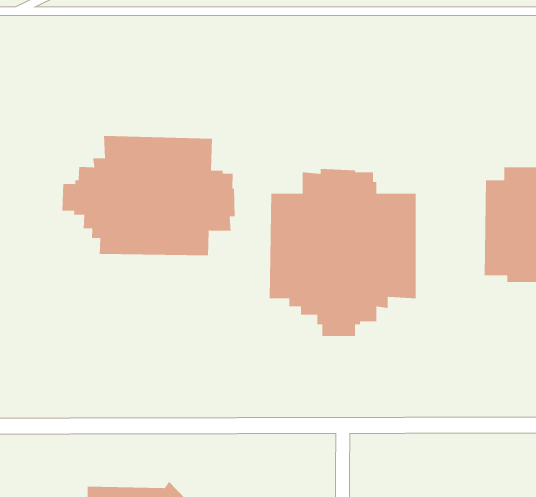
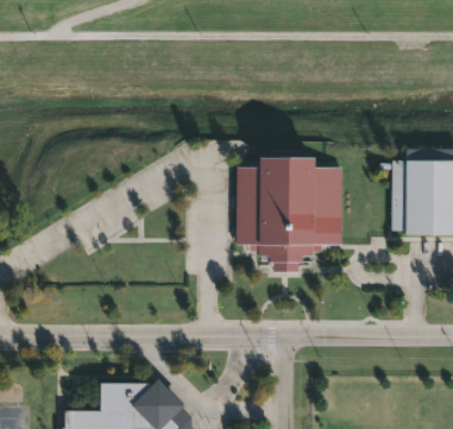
building: [62,135,235,256] -> none

